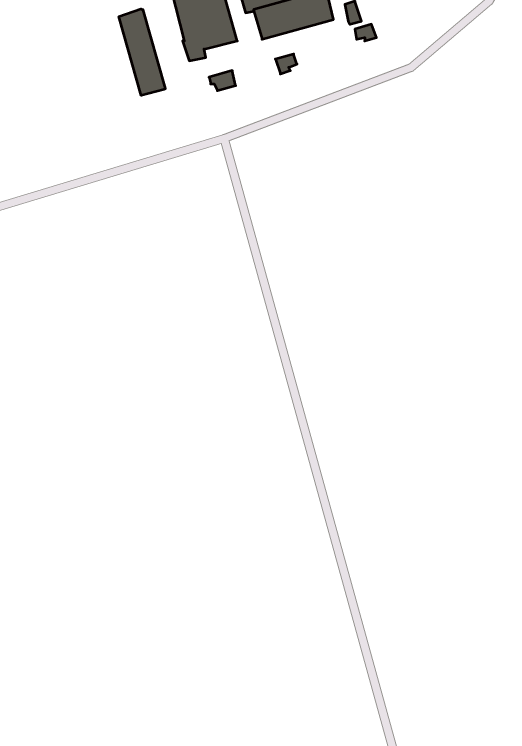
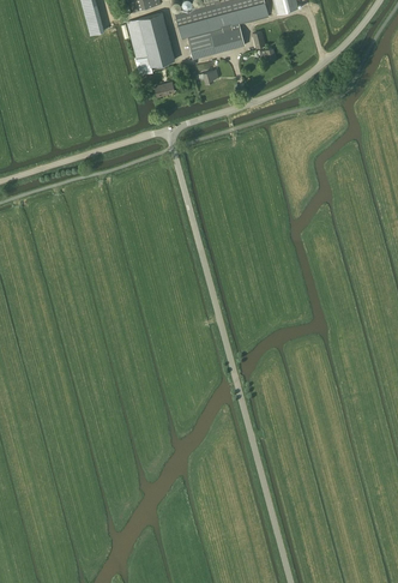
building: [119,9,165,95] -> none

